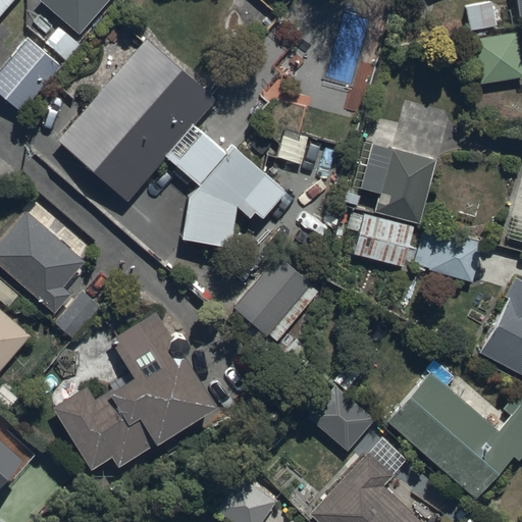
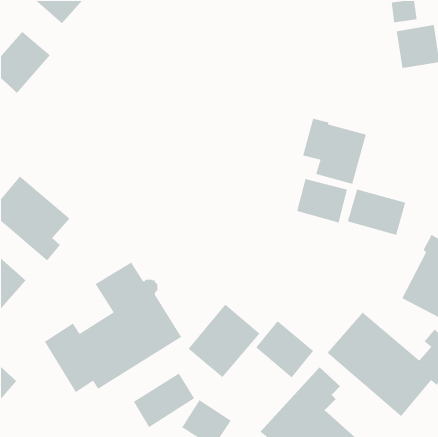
building: [56,38,286,243] -> none
building: [233,255,320,344] -> [187,303,260,378]
building: none -> [133,373,195,428]

